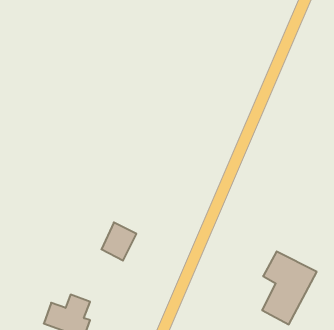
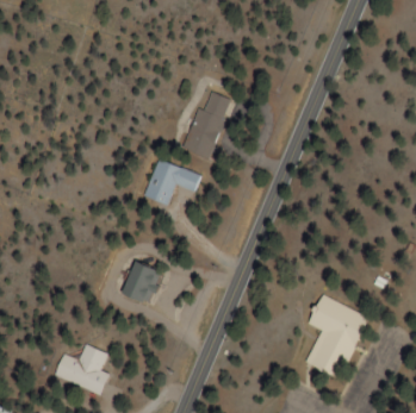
building: none -> [184,90,231,158]
building: none -> [145,159,201,205]

